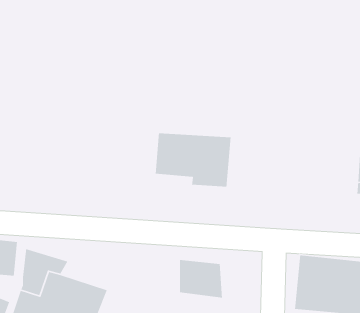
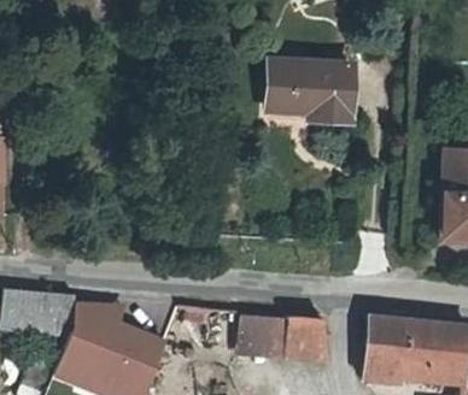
building: [155,133,232,187] -> [271,61,356,122]
building: none -> [286,318,330,362]

